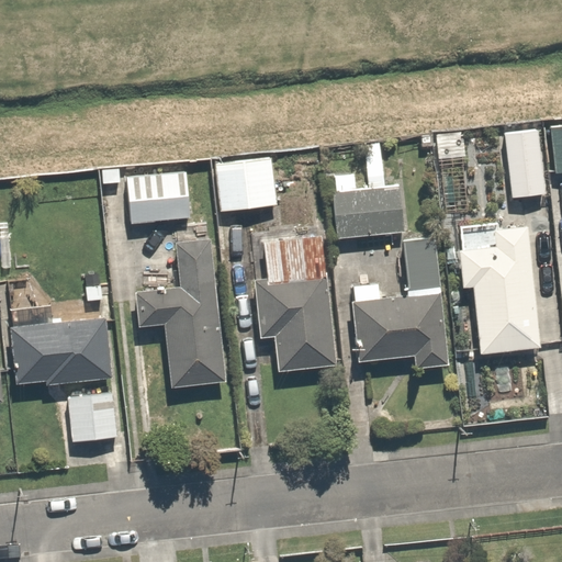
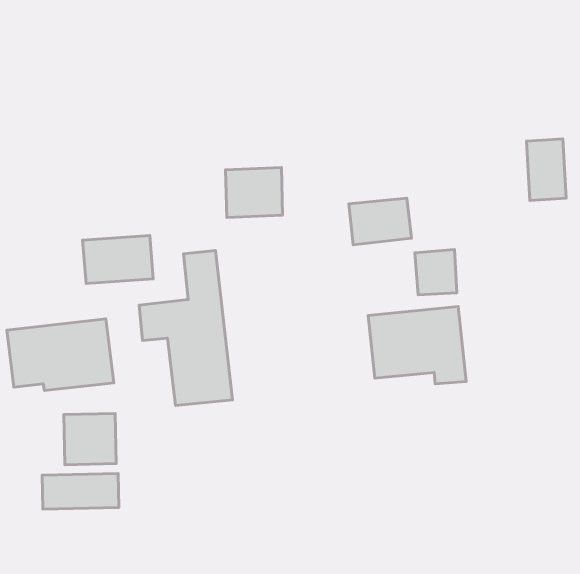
building: [123,173,191,220] -> [83,236,153,283]
building: [463,226,546,353] -> none
building: [251,234,334,371] -> none
building: none -> [42,474,119,509]

